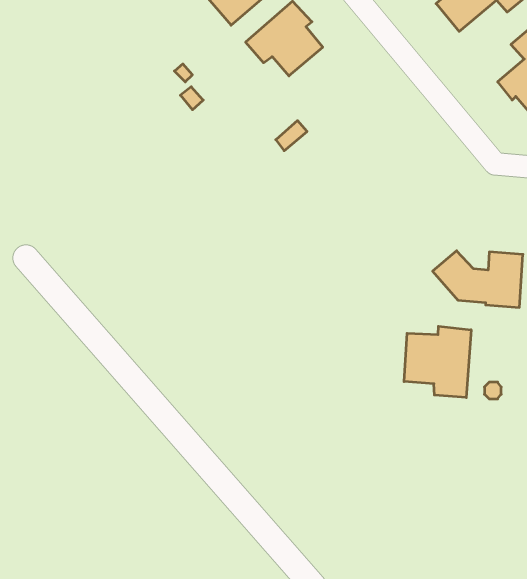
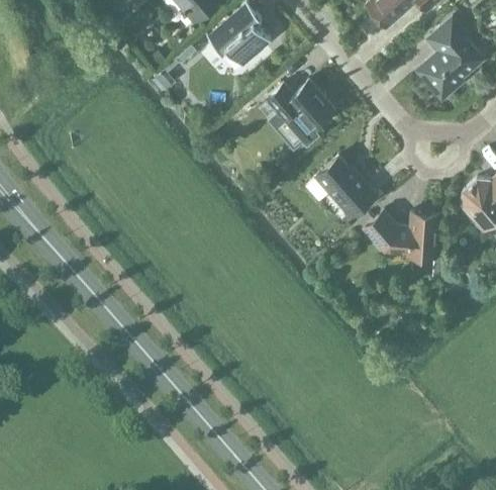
building: none -> [267,81,335,148]
building: none -> [316,158,377,218]
building: [404,326,471,398] -> none

